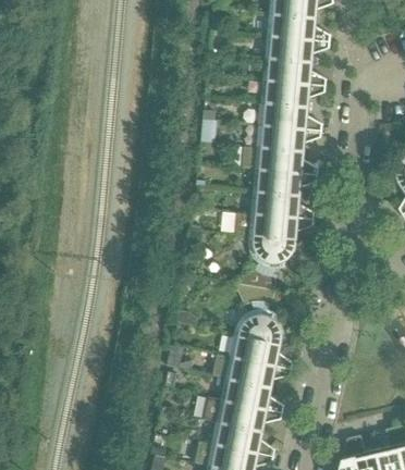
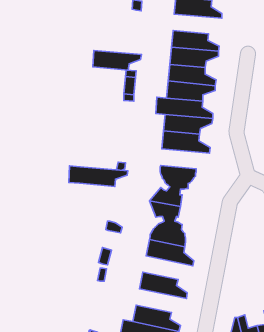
building: [266,38,330,64] -> [93,51,141,70]
building: [235,215,314,243] -> [69,166,128,187]
building: [213,356,292,389] -> none
building: [217,401,283,433] -> none

